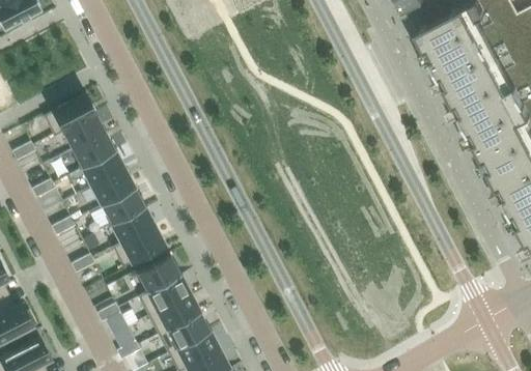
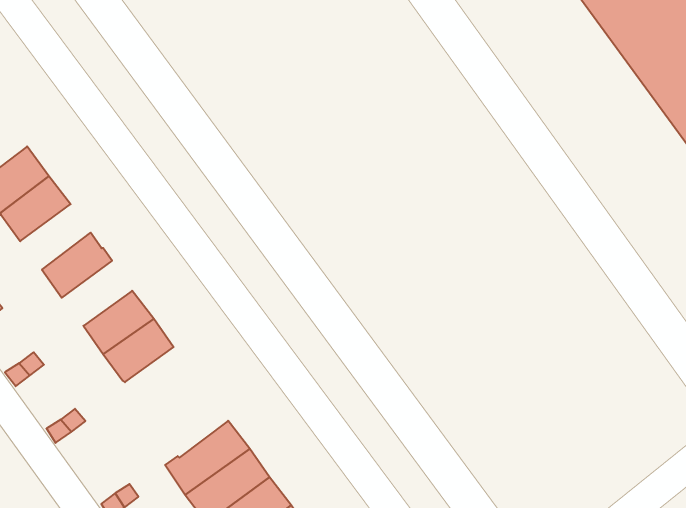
building: [73,131,115,167] -> none
building: [92,168,135,204] -> none
building: [113,225,165,266] -> none
building: [138,254,180,291] -> none

